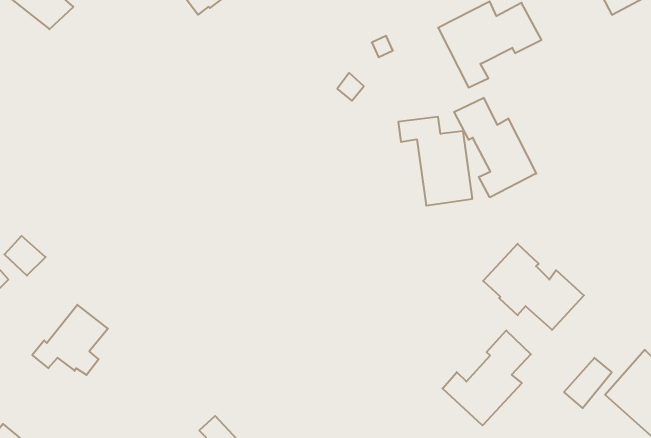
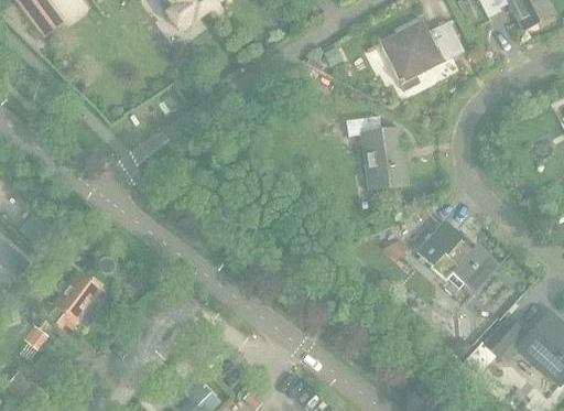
building: [454,98,536,197] -> none
building: [442,330,531,425] -> none

